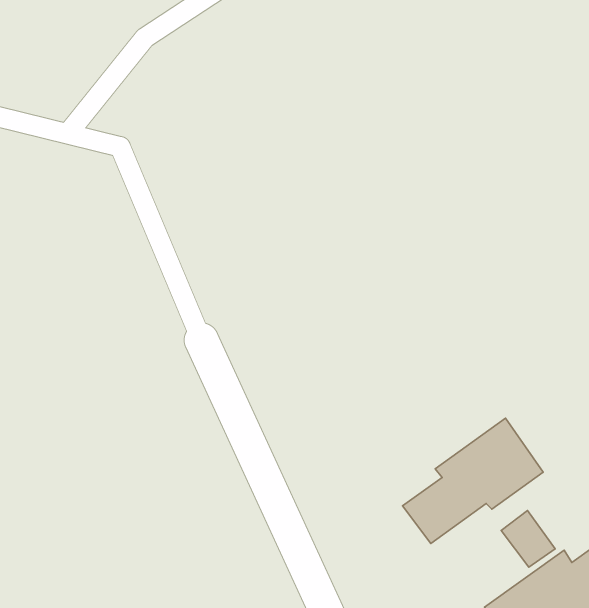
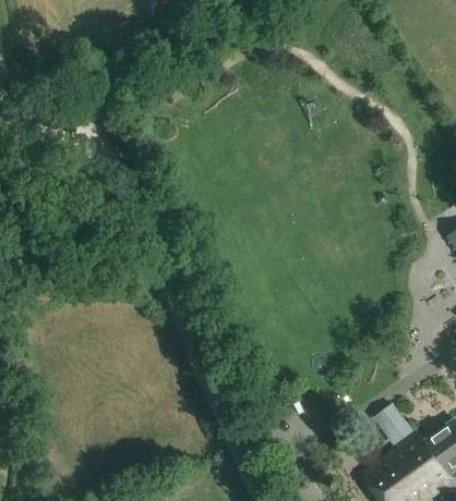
building: [403,418,543,543] -> none

